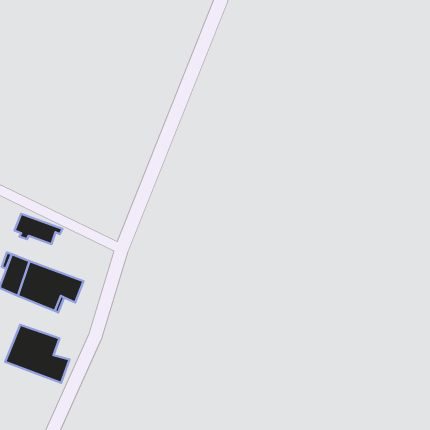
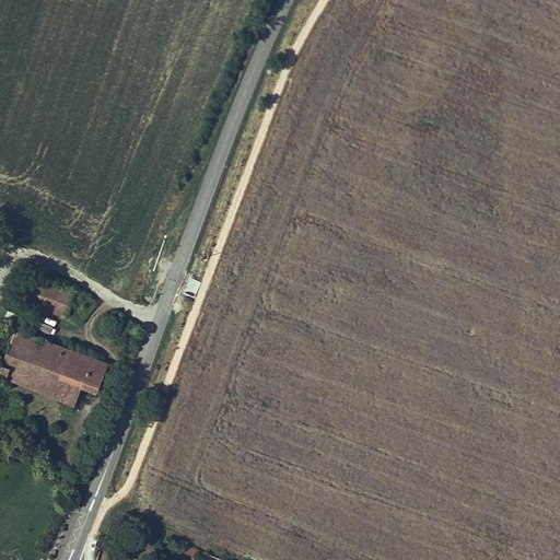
building: [5,325,69,383] -> none

